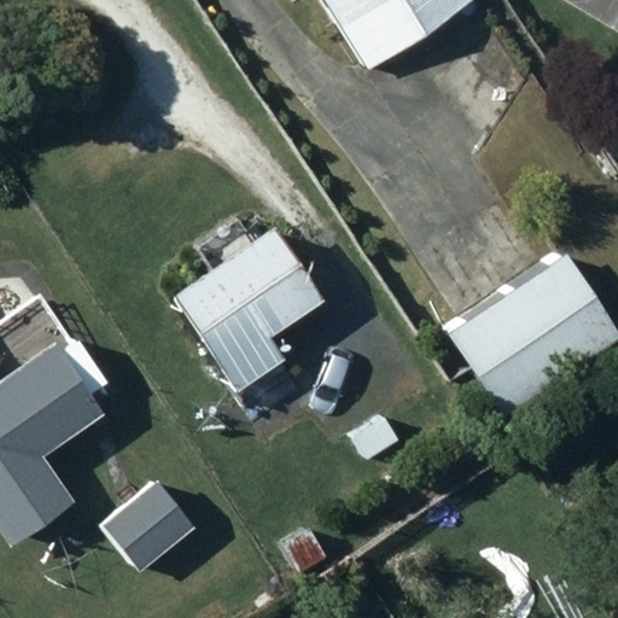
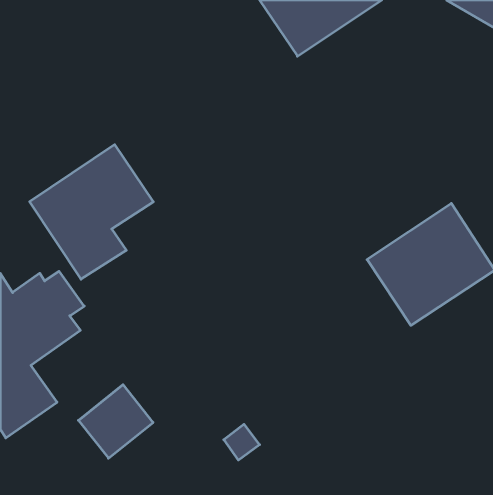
building: [167,227,321,395] -> [30,145,153,279]

